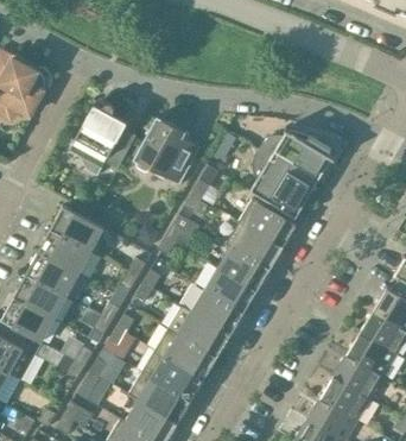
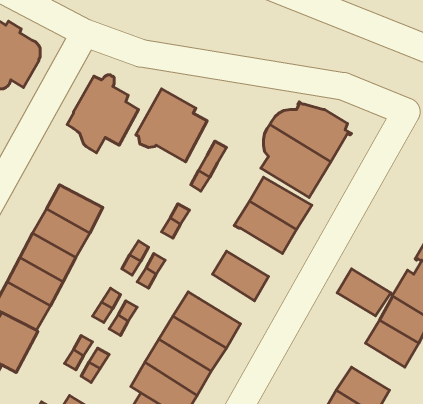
building: [217,247,269,292] -> none
building: [191,290,243,336] -> none
building: [334,354,383,398] -> [337,269,391,316]

